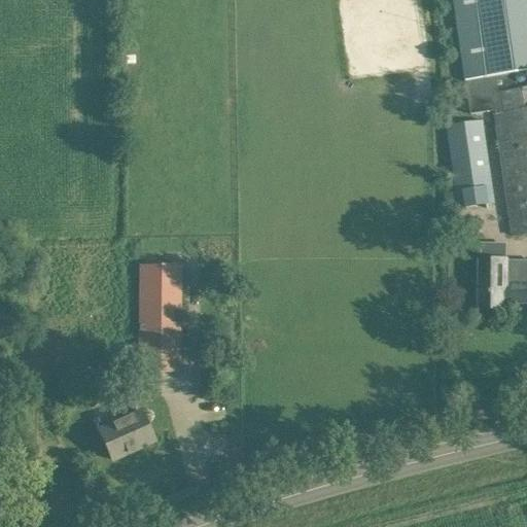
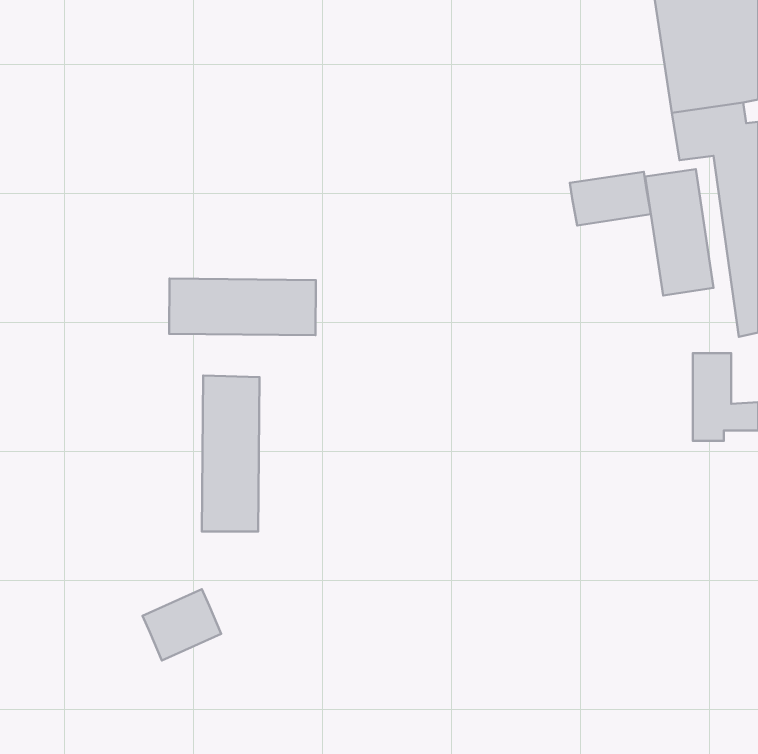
building: none -> [570,172,651,225]
building: none -> [169,279,316,335]

